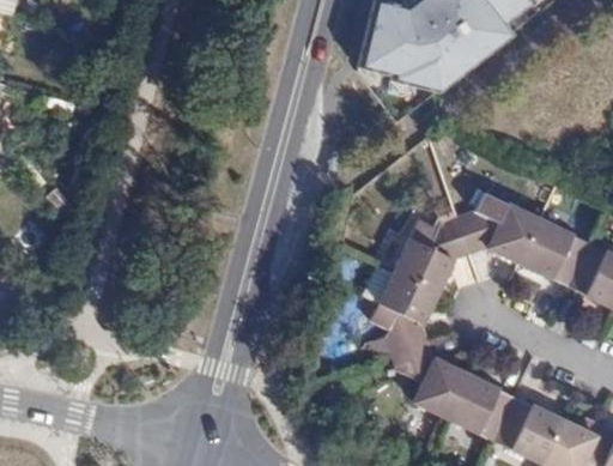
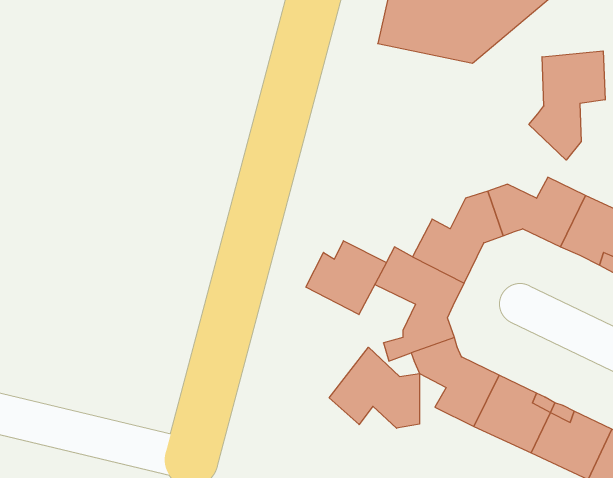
building: none -> [529,51,605,160]
building: none -> [306,241,386,315]
building: none -> [329,347,420,428]

